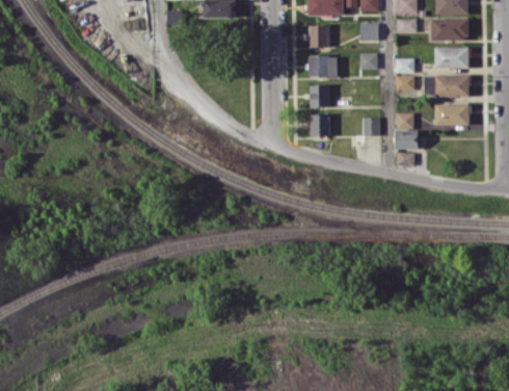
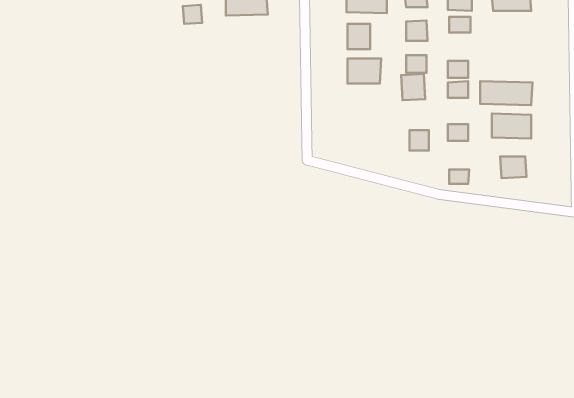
building: [430,18,467,41] -> none
building: [434,46,468,68] -> none
building: [309,84,329,107] -> [401,74,425,100]
building: [310,113,329,136] -> none
building: [395,130,418,149] -> [500,157,527,178]

